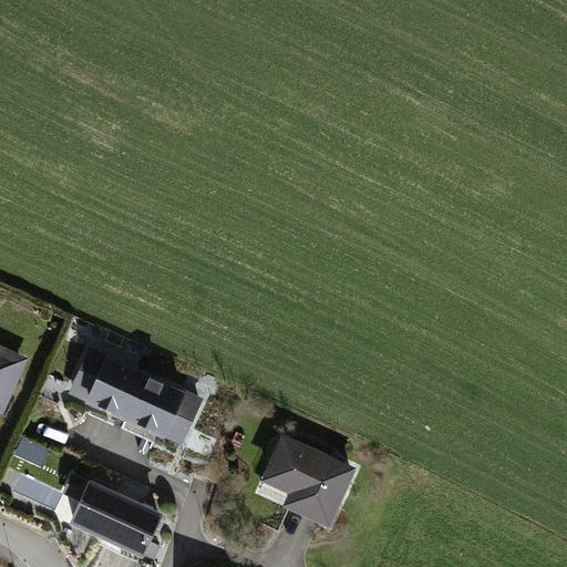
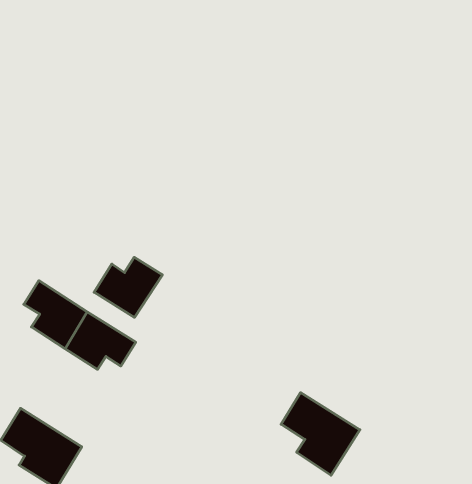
building: none -> [94,257,162,317]
building: [269,441,351,522] -> [281,393,360,475]

